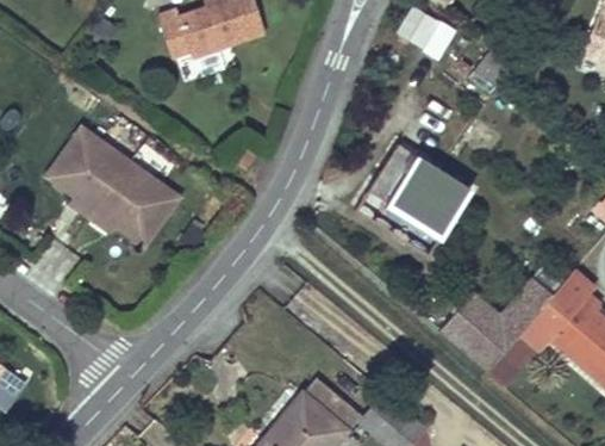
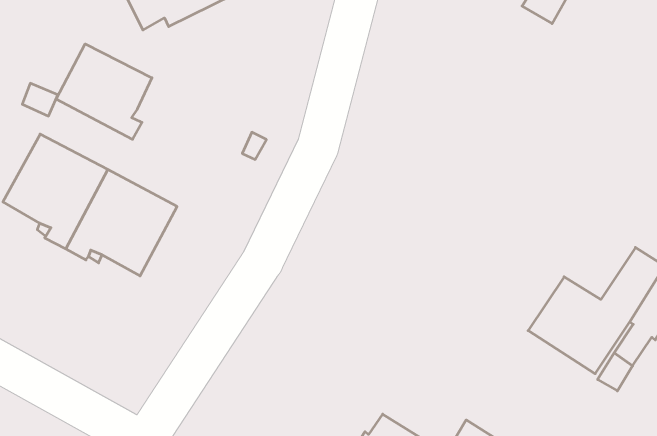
building: none -> [56,44,152,139]
building: [368,143,472,236] -> none

